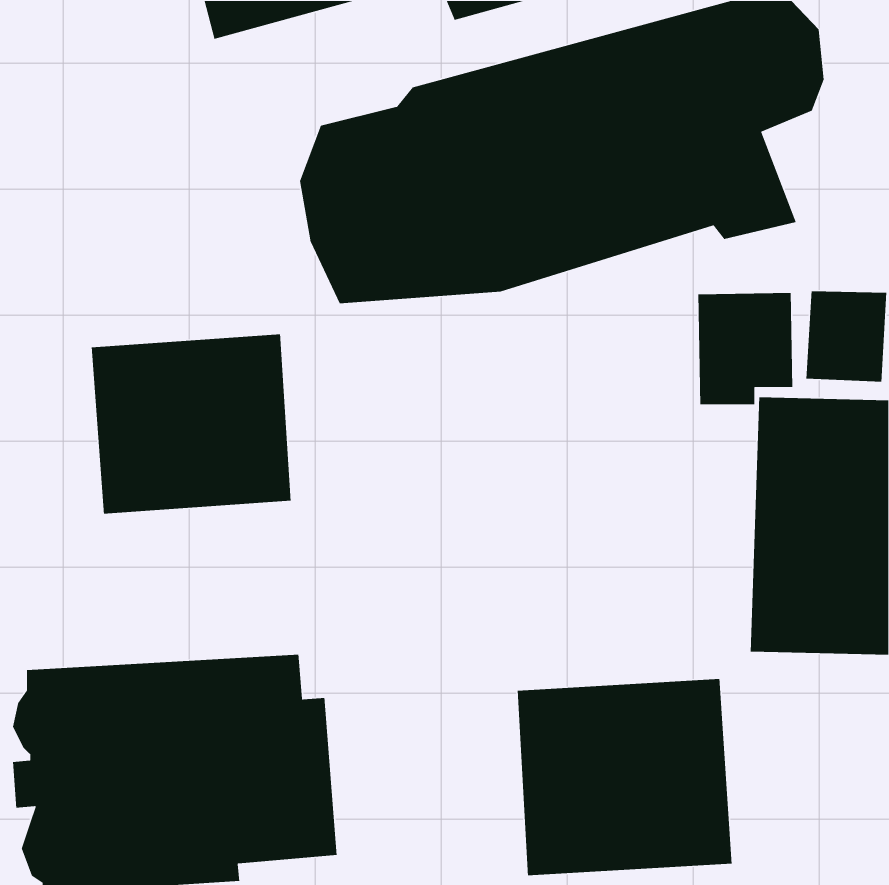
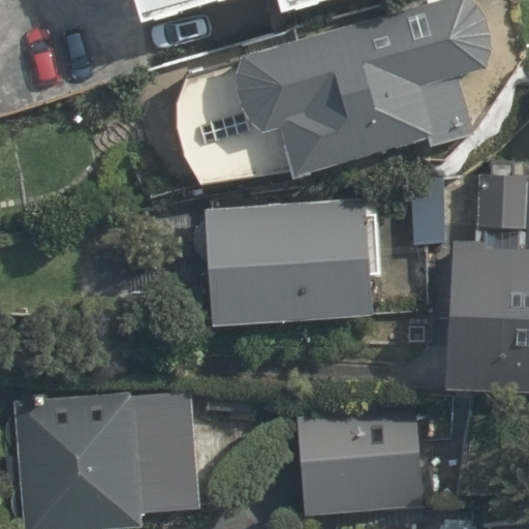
building: none -> [194,197,384,323]
building: [91,334,292,514] -> none

